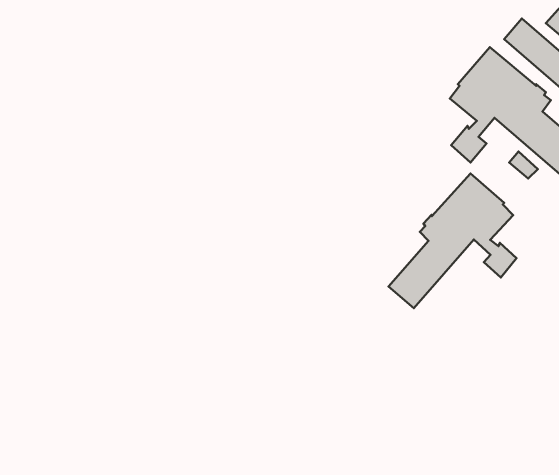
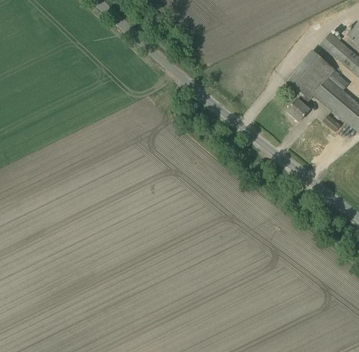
building: [389,174,517,308] -> none

